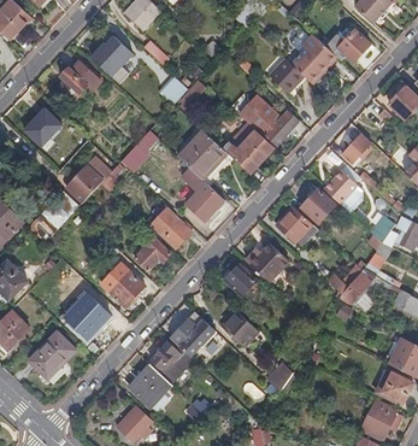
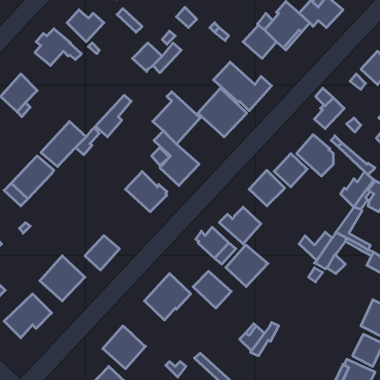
building: [135,236,171,270] -> none
building: none -> [226,245,268,287]
building: [151,338,193,383] -> none

